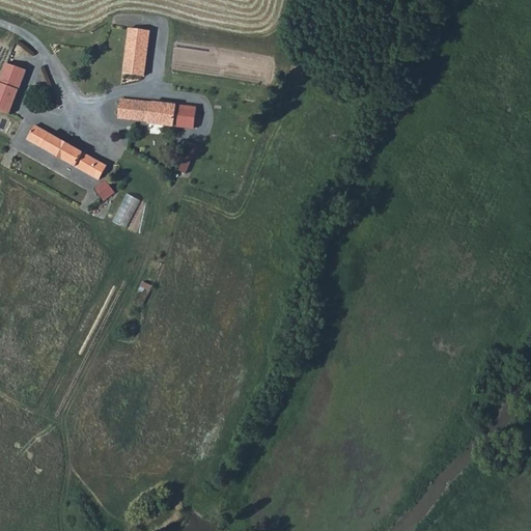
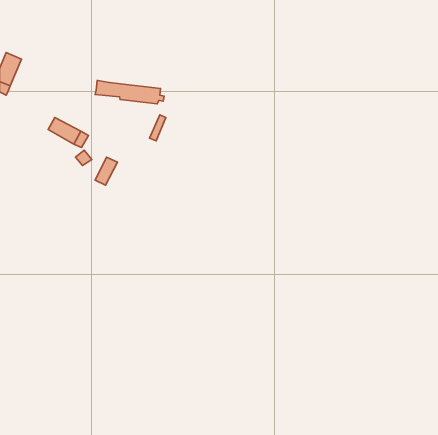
building: [121,29,147,76] -> none
building: [26,124,66,157] -> none

